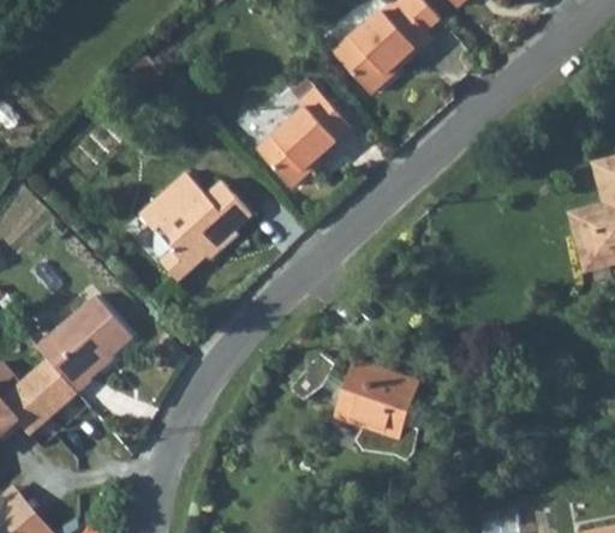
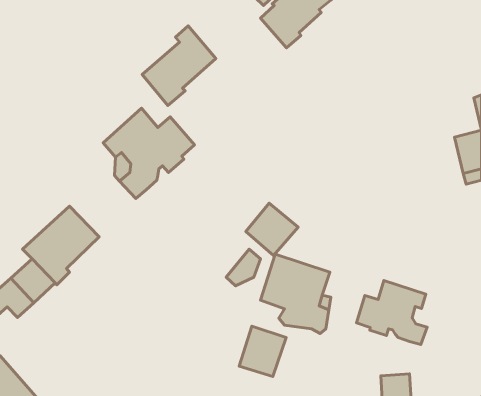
building: [256,88,348,187] -> [142,26,216,105]
building: none -> [246,203,298,256]
building: none -> [356,280,427,345]
building: none -> [239,326,286,377]

